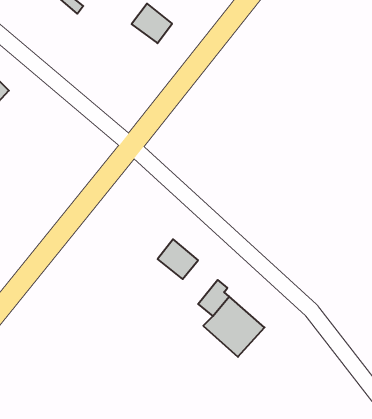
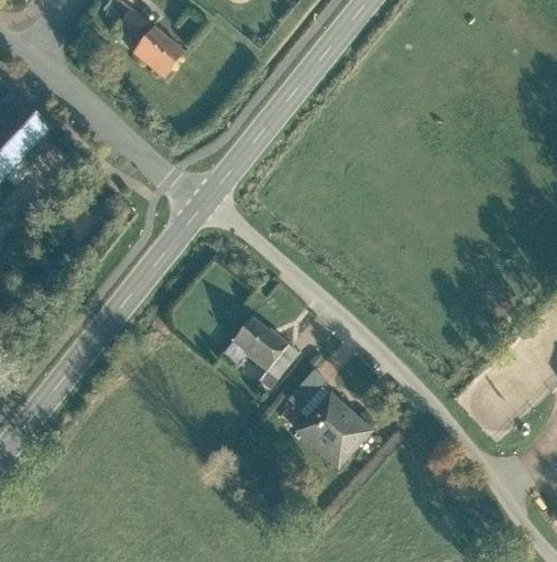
building: [132,4,172,43] -> [132,24,184,75]
building: none -> [255,343,299,390]

